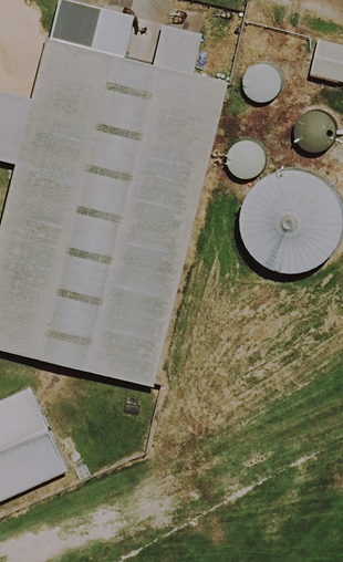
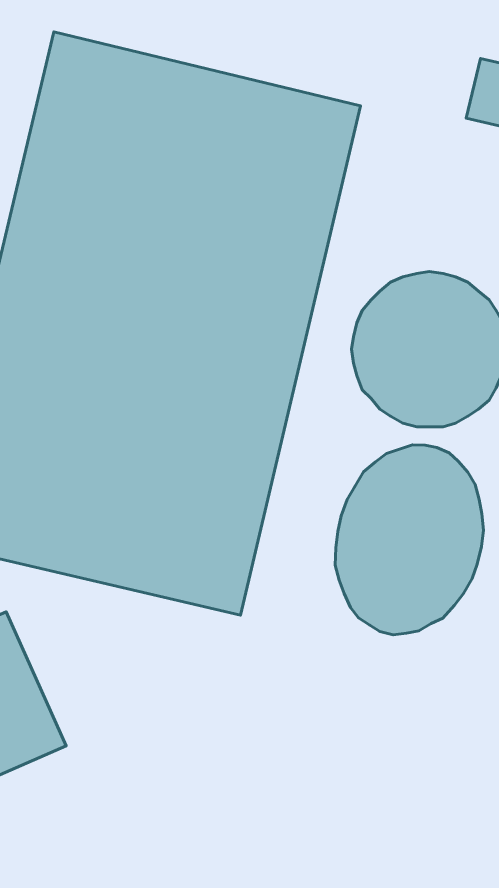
building: none -> [335,445,483,635]

